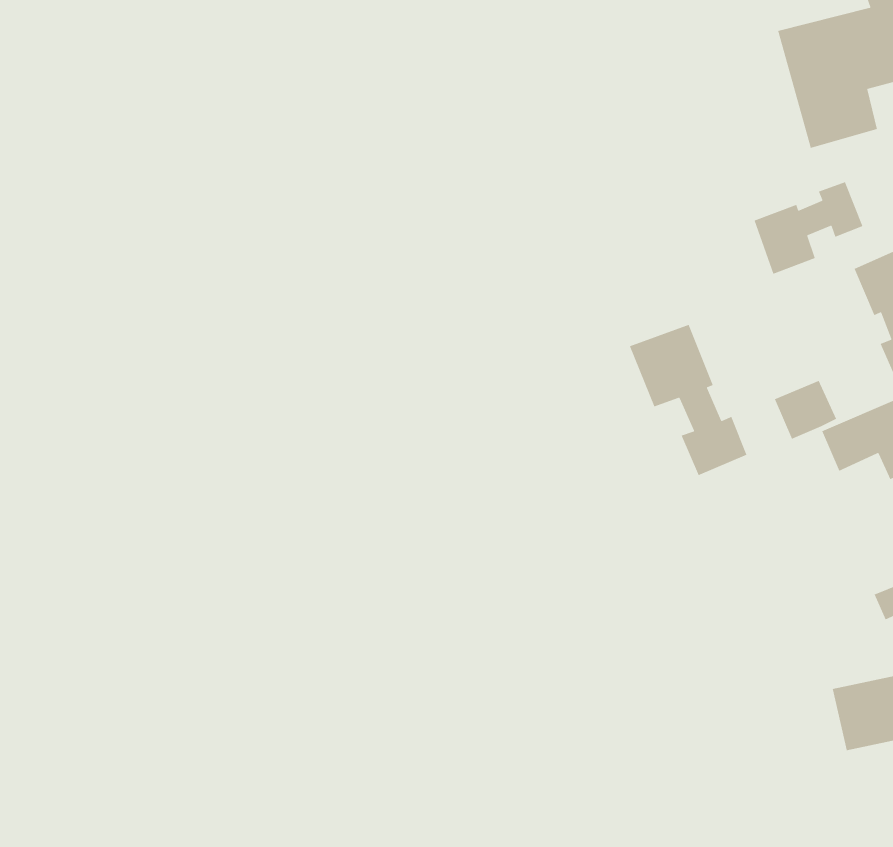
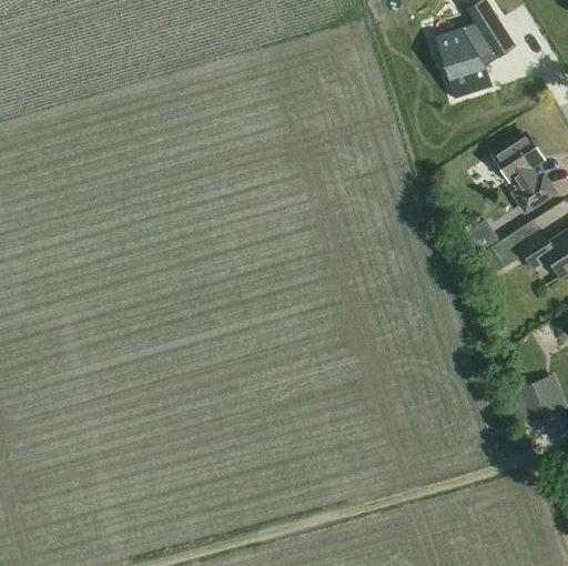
building: [753,181,864,275] -> none
building: [629,324,747,476] -> none

